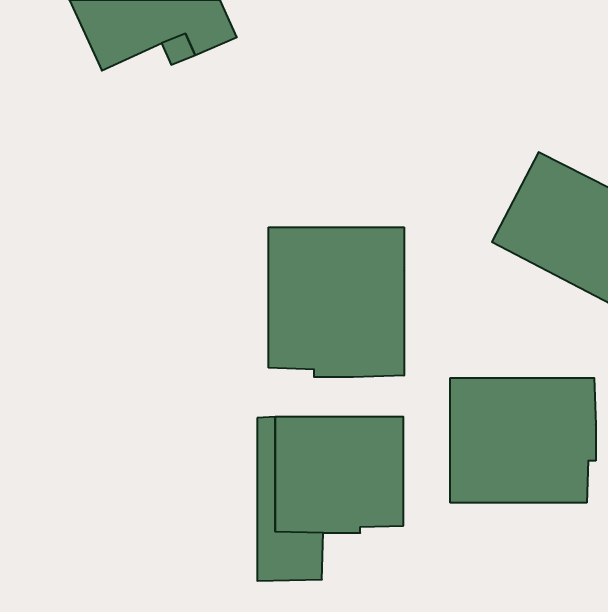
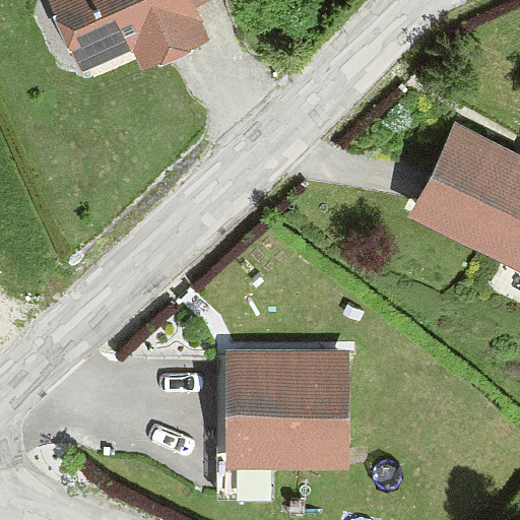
building: [269,227,404,377] -> none
building: [450,378,596,503] -> none

